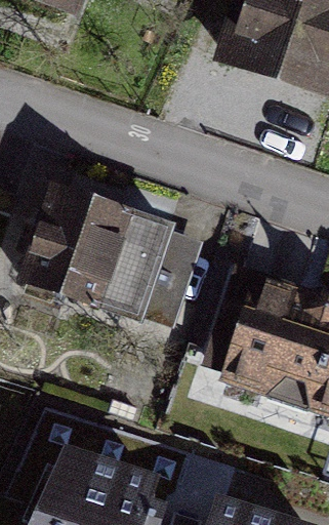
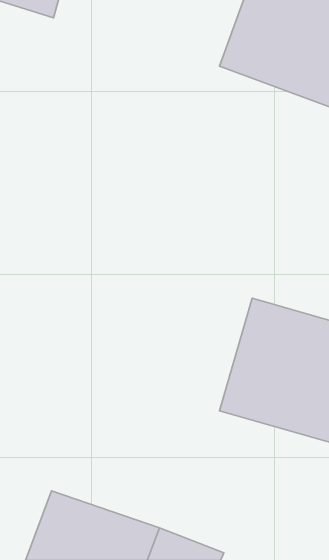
building: [28,190,174,317] -> none

